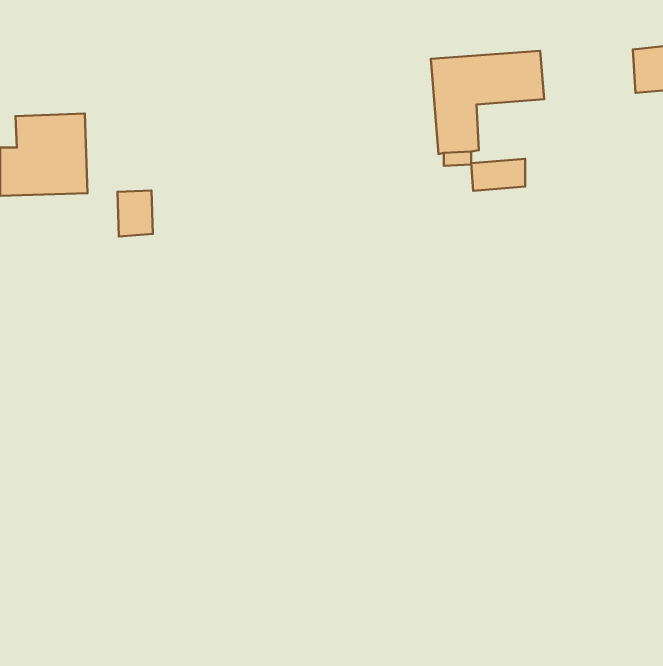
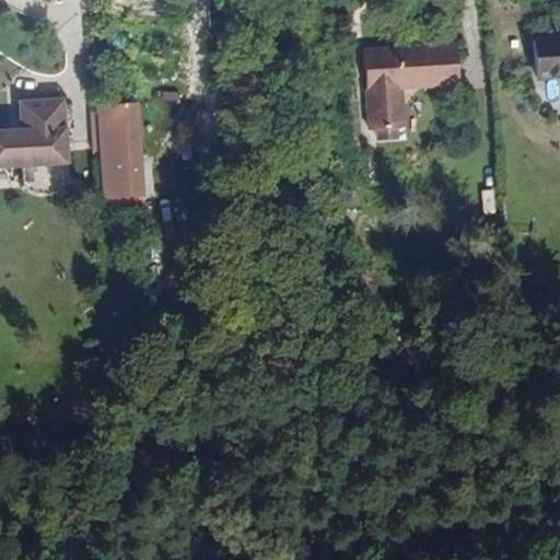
building: none -> [100,108,141,162]
building: [471,159,525,191] -> none

